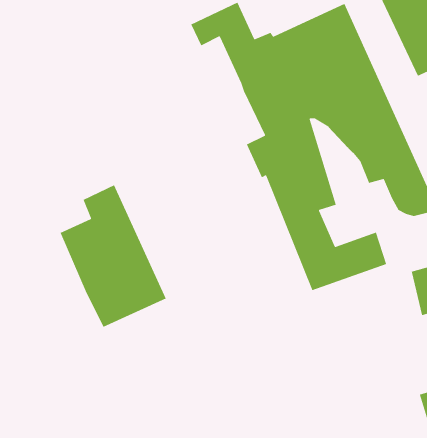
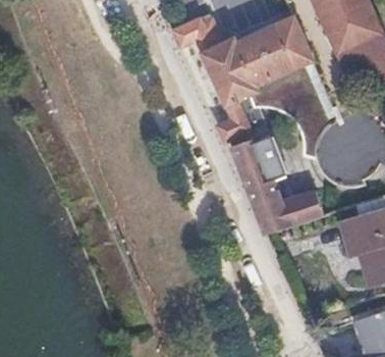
building: [59,184,167,328] -> none

